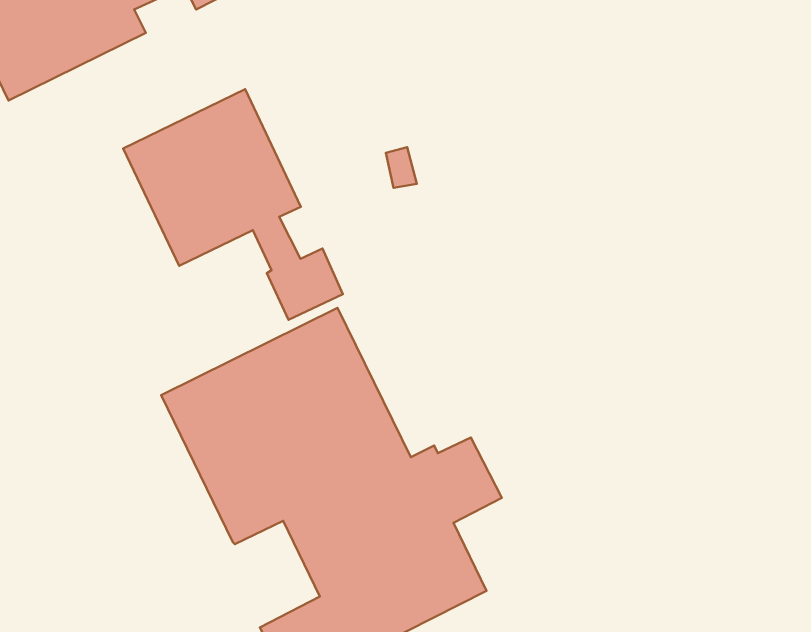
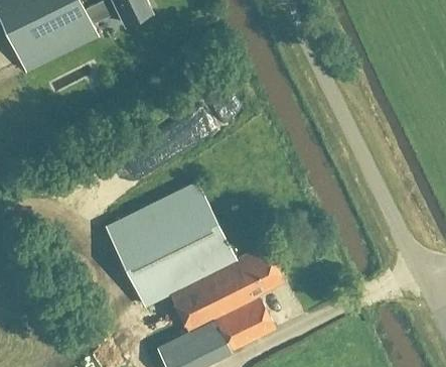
building: [123,89,343,320] -> none

